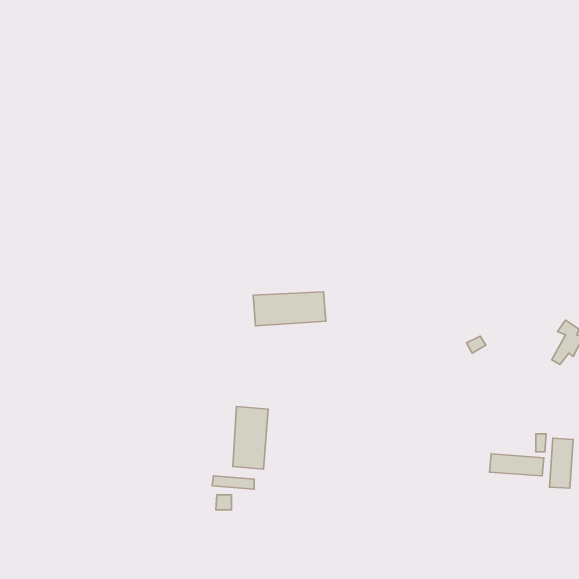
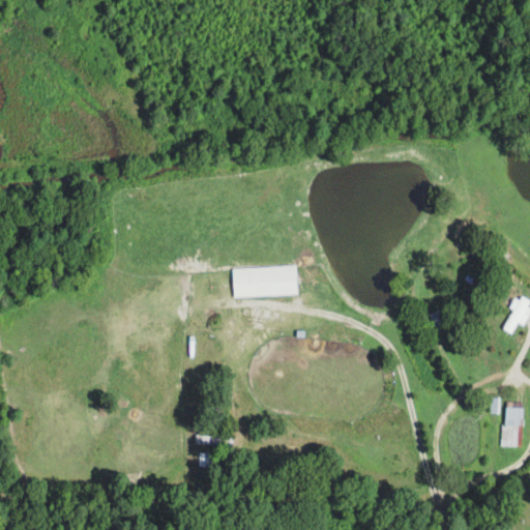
building: [233,406,268,469] -> none
building: [490,454,544,476] -> none

